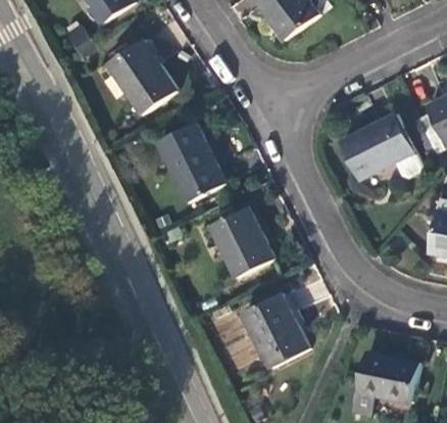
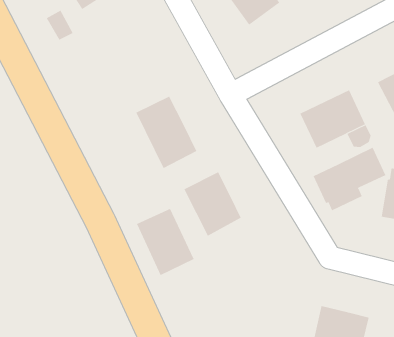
building: [103,38,175,113] -> none
building: none -> [313,147,386,211]
building: [242,292,306,367] -> [136,208,194,276]

